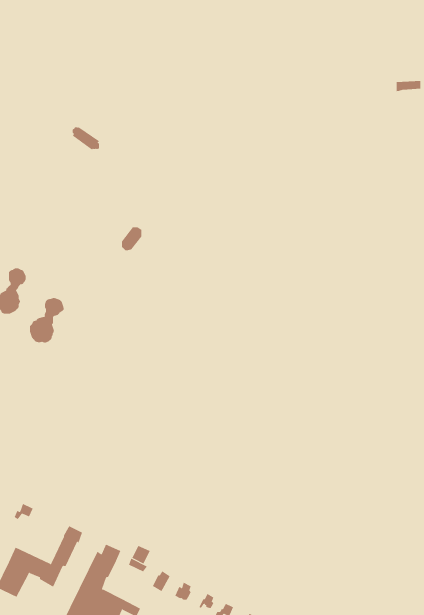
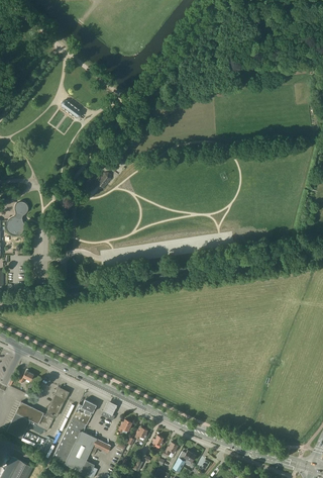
building: [29,297,64,344] -> none

